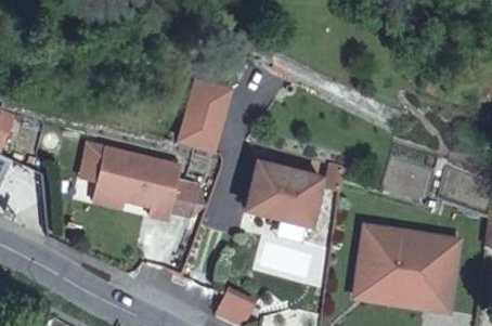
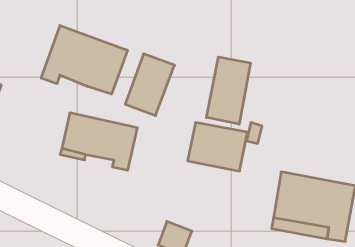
building: none -> [41,25,127,94]
building: none -> [206,57,250,124]

